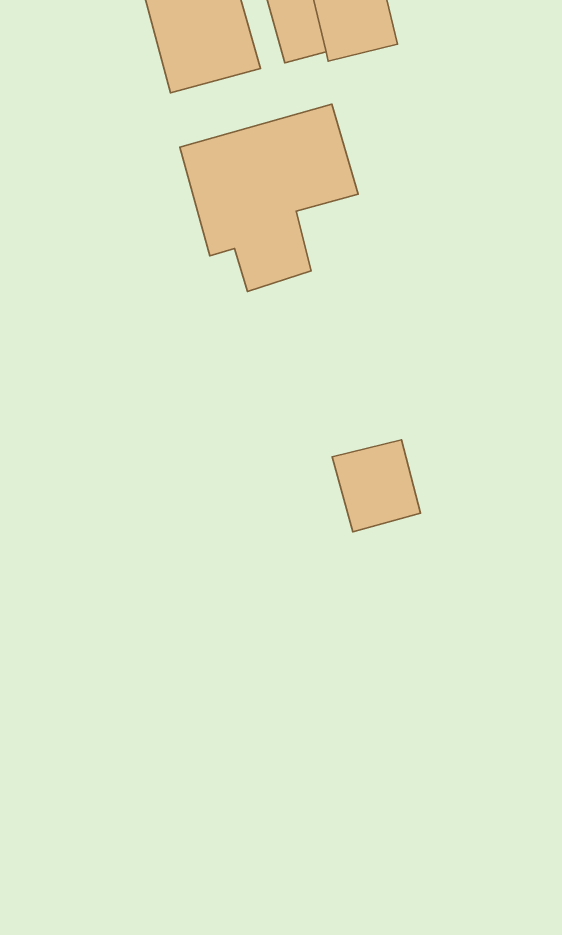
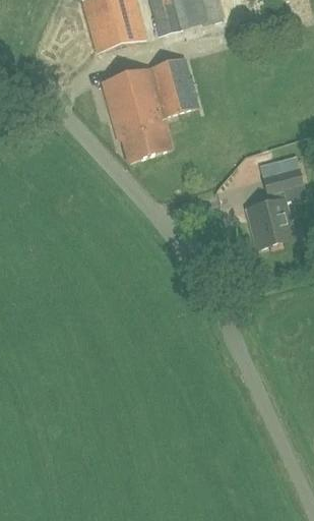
building: none -> [261,154,303,193]
building: [332,440,420,532] -> [246,197,294,247]

